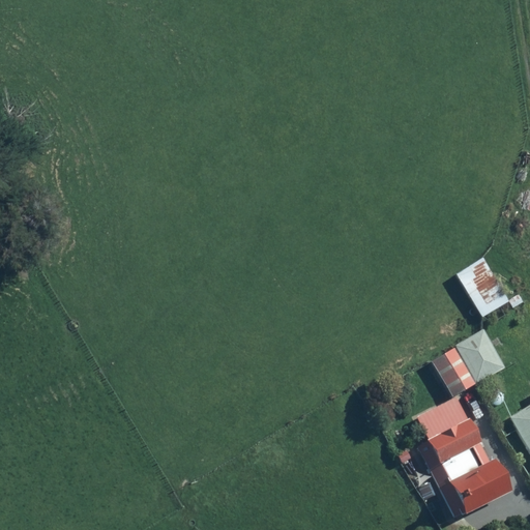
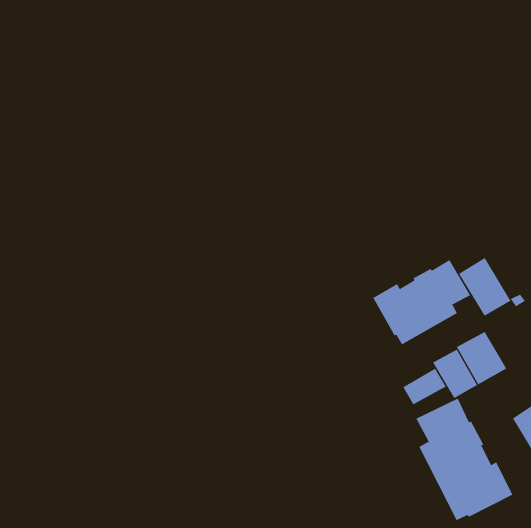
building: none -> [372,259,471,345]
building: none -> [402,368,447,405]

